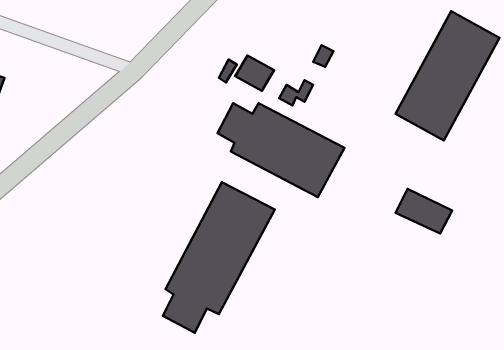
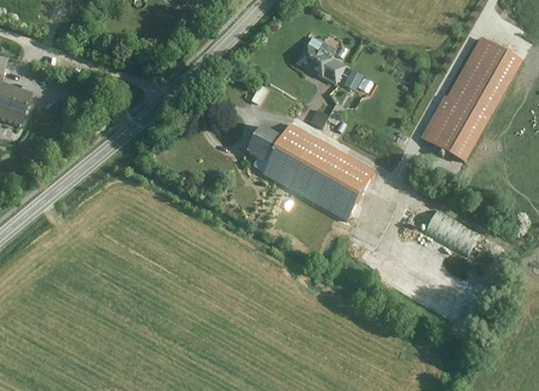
building: [235,56,274,91] -> [293,42,332,76]
building: [163,182,275,333] -> none

